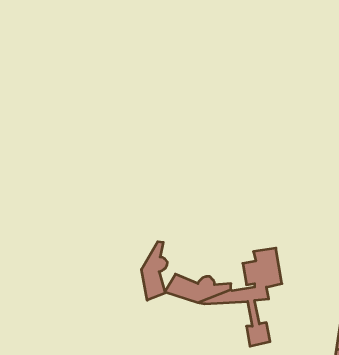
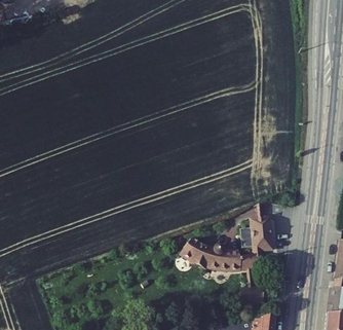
building: [141,242,167,300] -> none

